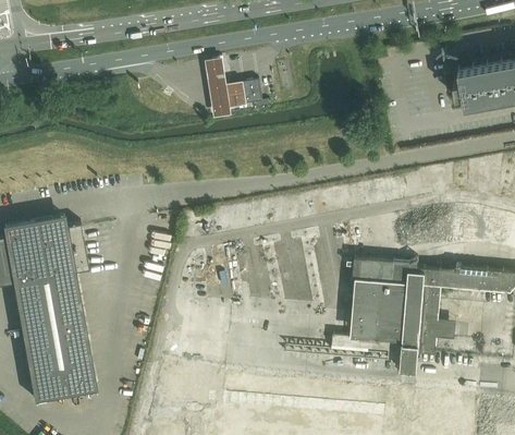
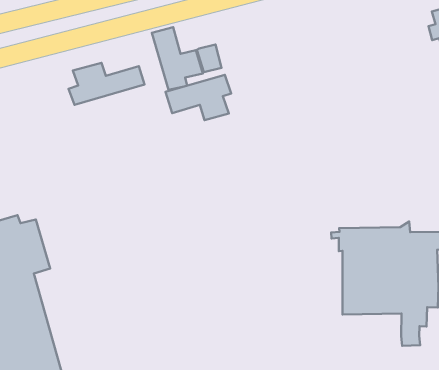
building: none -> [68,63,145,105]
building: none -> [166,75,231,120]

